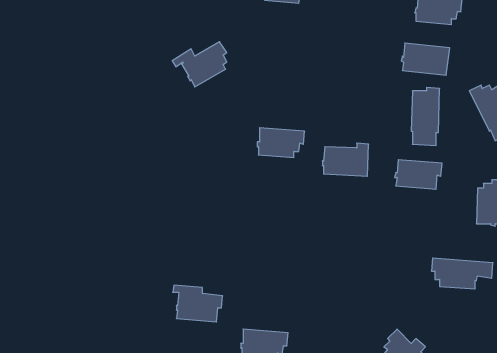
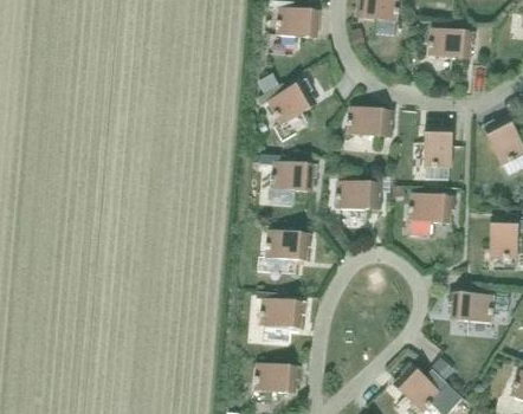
building: [172,42,227,87] -> [259,78,314,123]
building: [401,43,450,75] -> [347,105,395,137]
building: none -> [265,225,312,260]
building: [173,285,223,322] -> [257,291,306,328]

